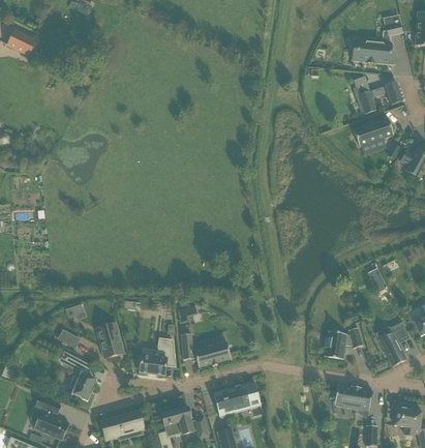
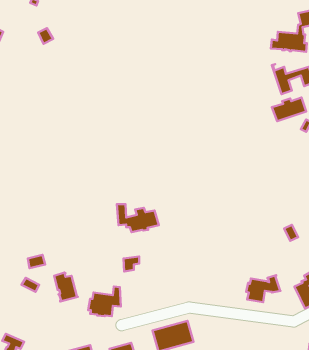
building: [181,334,231,367] -> [117,204,159,232]
building: [63,353,97,401] -> none
building: [334,385,372,411] -> none

